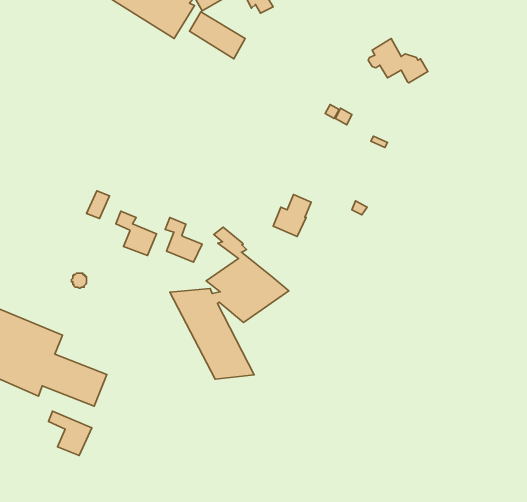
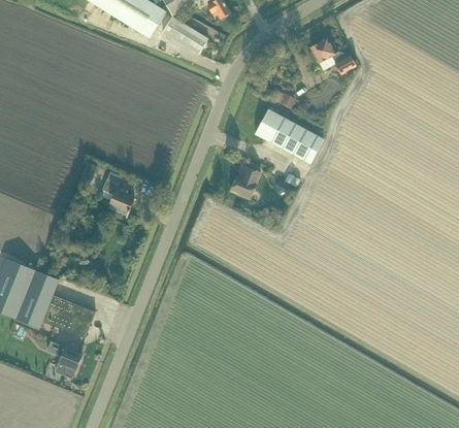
building: none -> [255,108,323,162]
building: [165,217,202,262] -> none
building: [170,227,289,379] -> none

